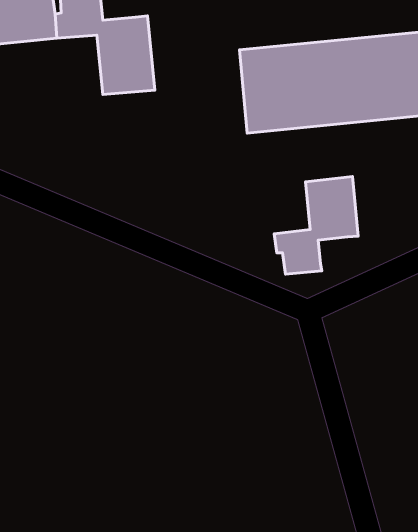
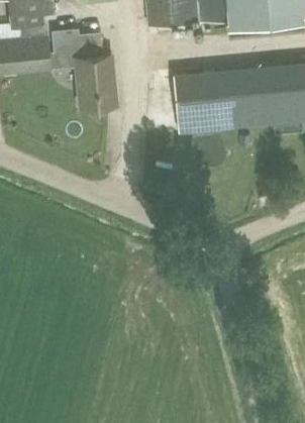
building: [274,176,358,274] -> none

